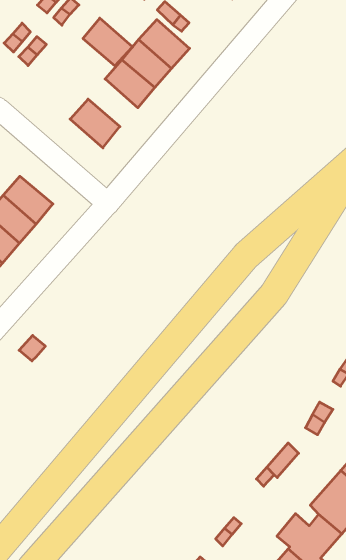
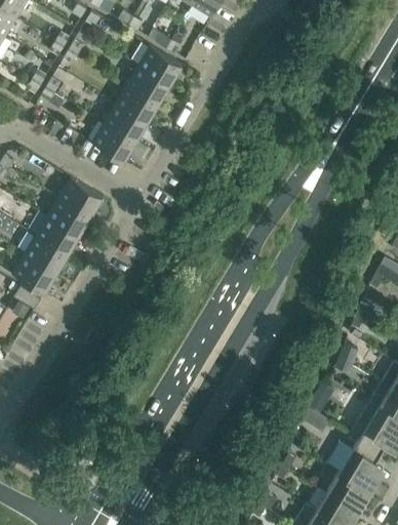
building: [83,18,133,66] -> [105,104,148,142]
building: none -> [58,177,103,216]

